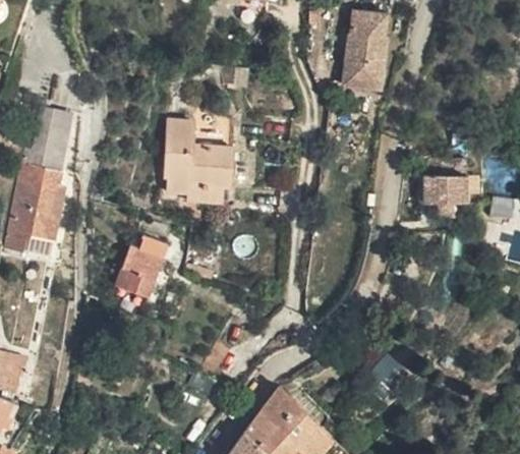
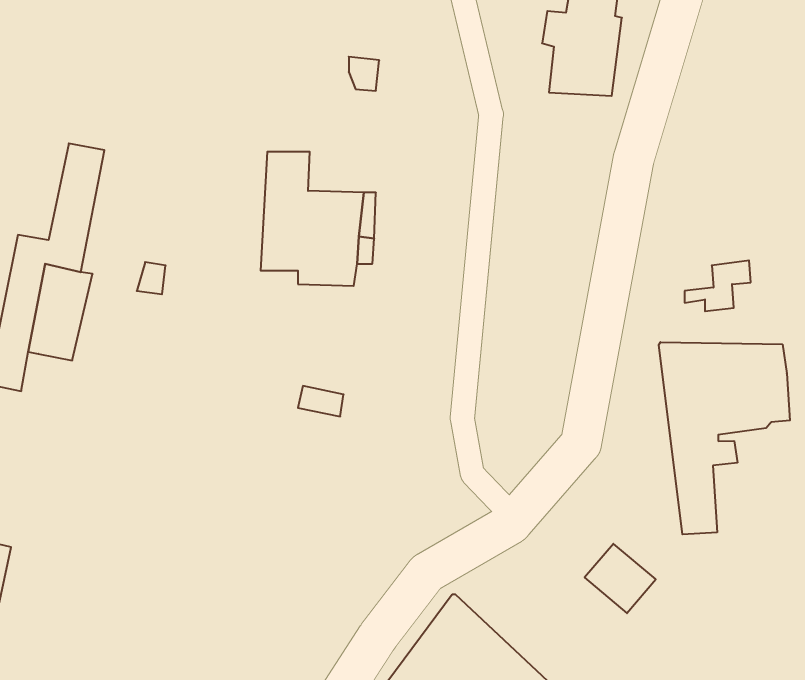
building: [414,171,457,205] -> none
building: none -> [659,342,790,534]
building: [117,238,168,300] -> none

